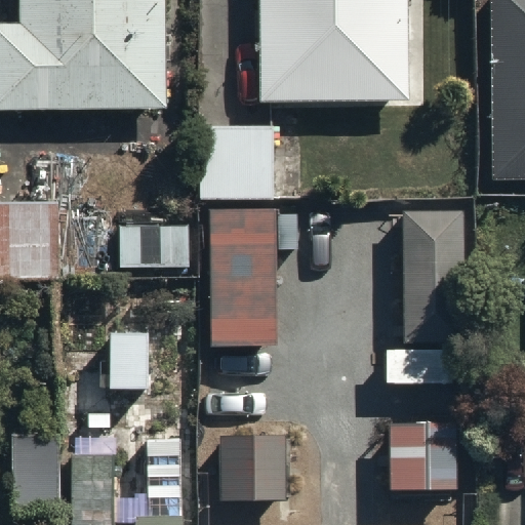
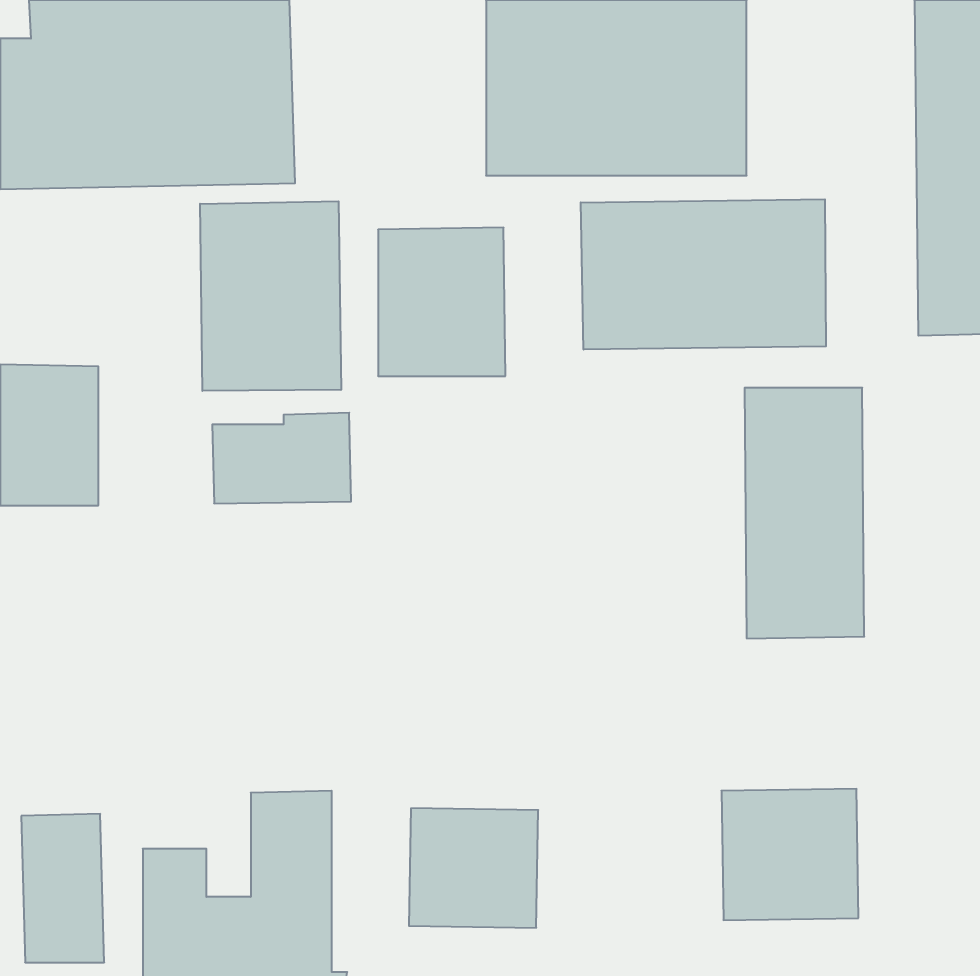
building: none -> [581,199,826,350]
building: none -> [200,201,341,391]
building: [215,208,278,340] -> none

